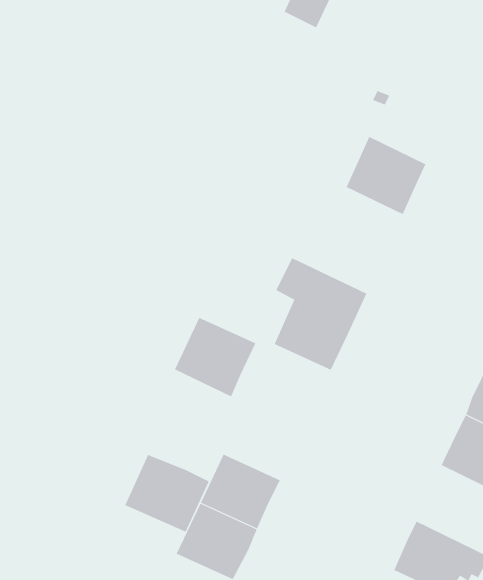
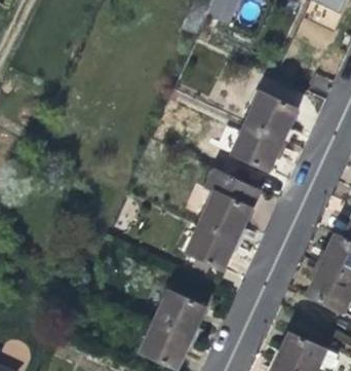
building: none -> [231,121,282,171]
building: [174,317,256,397] -> [186,220,237,270]
building: [124,454,209,533] -> none

